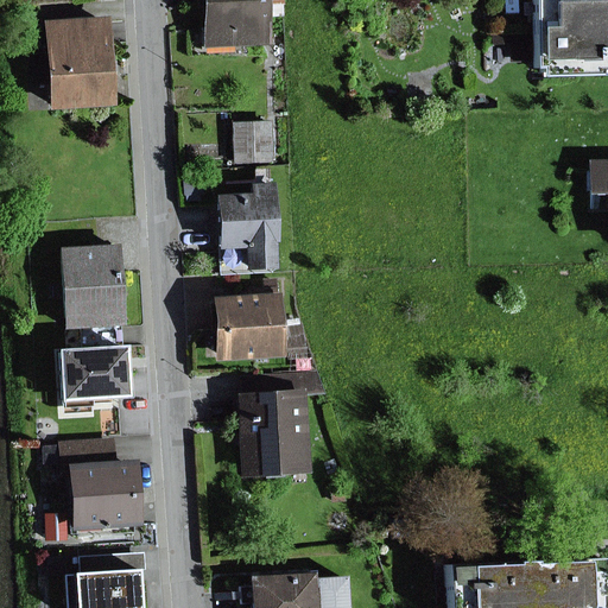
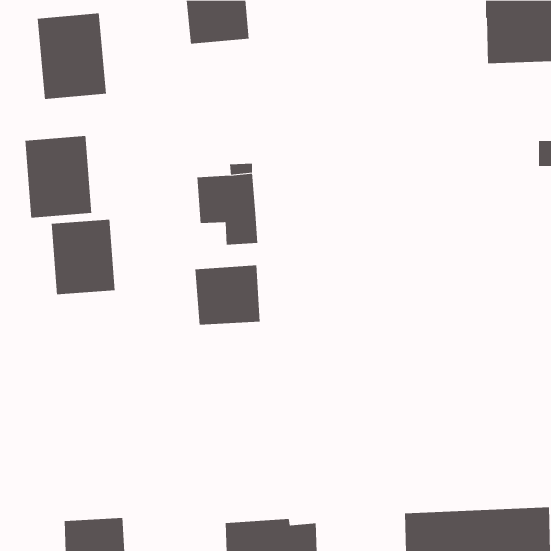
building: [233,115,278,162] -> none
building: none -> [25,135,92,218]
building: [58,346,128,399] -> none
building: [236,390,312,479] -> none
building: [51,436,144,540] -> none

